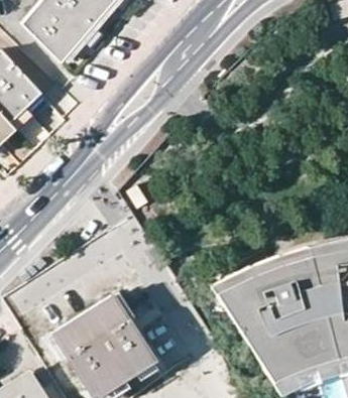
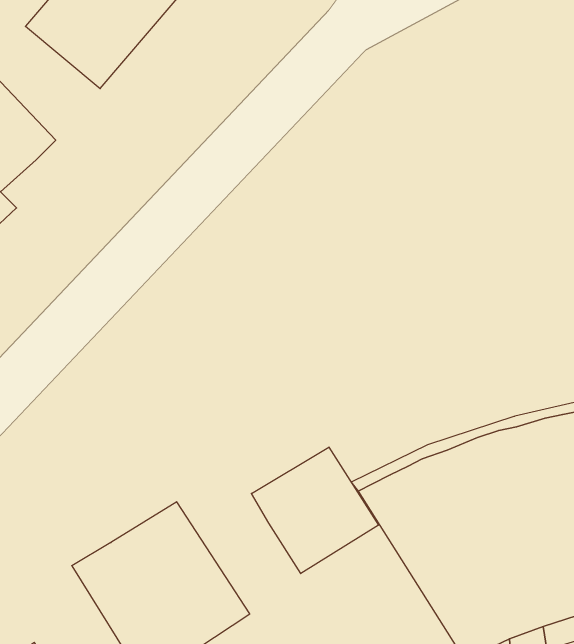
building: none -> [251,447,378,574]

